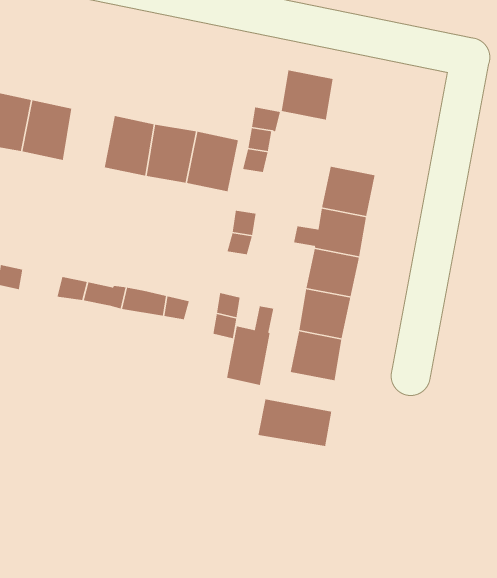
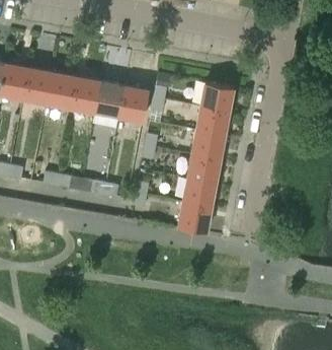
building: [281,70,334,120] -> [201,84,232,114]
building: none -> [48,75,77,110]
building: [226,305,274,386] -> none
building: [258,398,332,447] -> none

